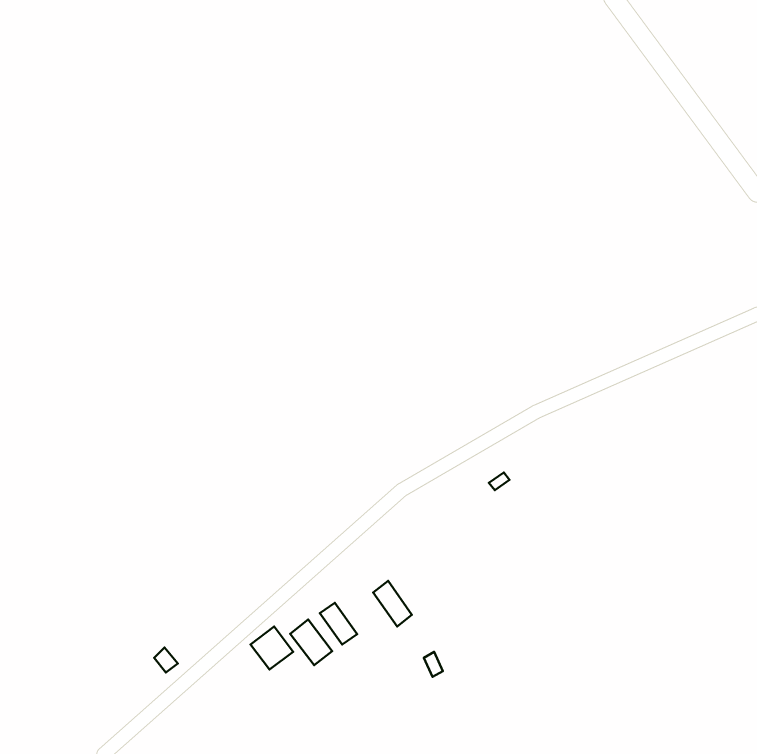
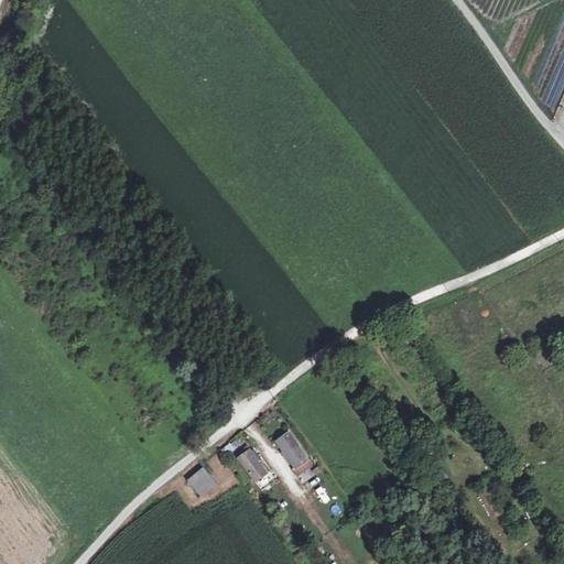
building: [290,620,332,665] -> none

